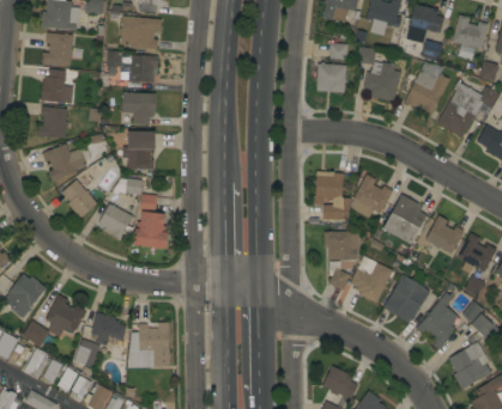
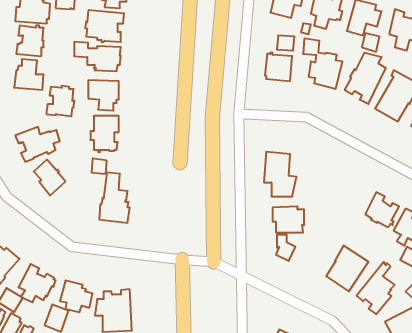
building: [37,105,68,139] -> [46,86,75,116]
building: [351,175,393,218] -> none
building: [383,195,427,244] -> none
building: [98,203,133,239] -> none
building: [350,262,393,304] -> none

